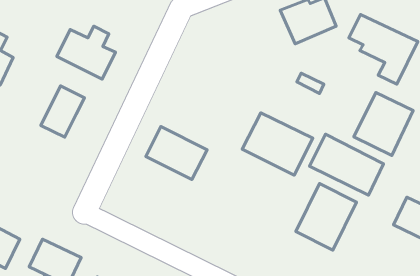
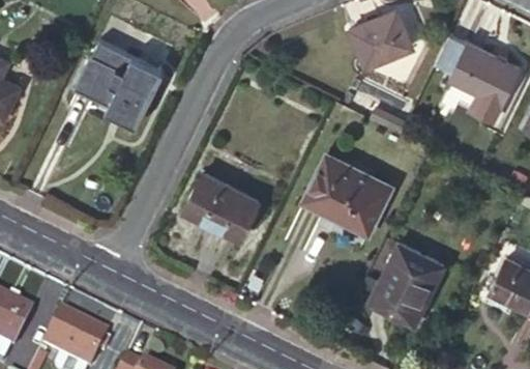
building: [41,86,84,137] -> none
building: [354,93,413,156] -> none
building: [310,134,384,195] -> none

